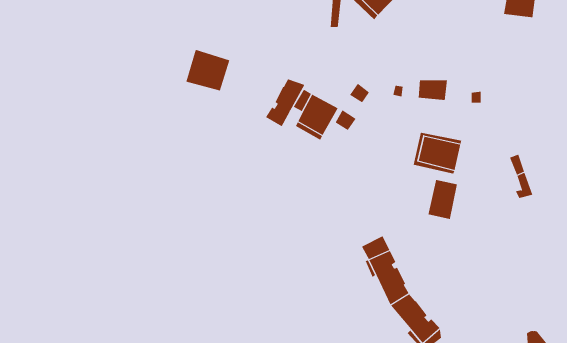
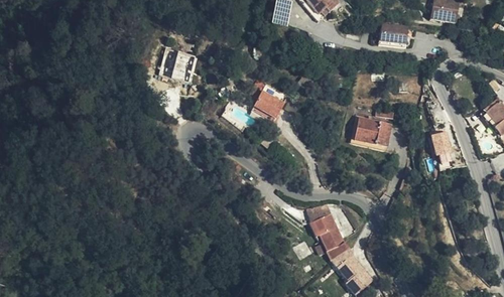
building: [265,79,305,127] -> none
building: [418,80,448,100] -> [379,27,404,44]
building: [428,179,457,220] -> none

